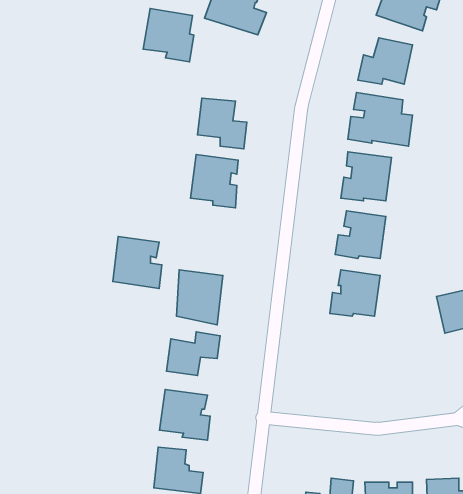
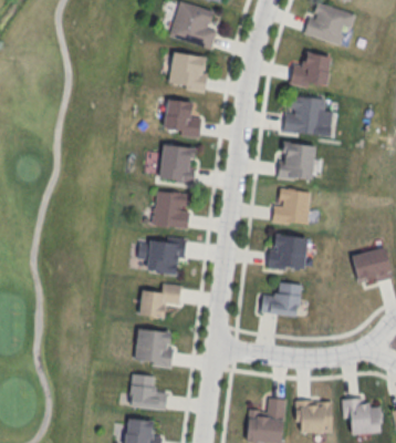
building: [143,8,194,62] -> [168,51,208,93]
building: [113,237,162,289] -> [152,189,190,230]
building: none -> [260,282,302,317]

